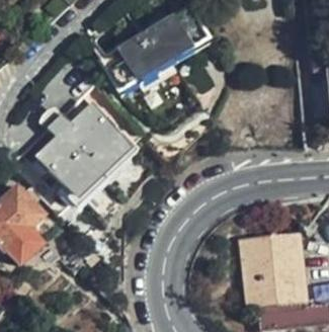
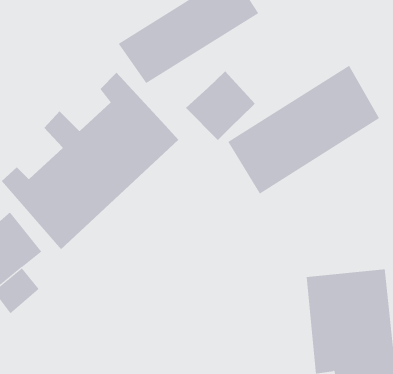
building: none -> [227,65,380,194]
building: none -> [185,71,256,141]

